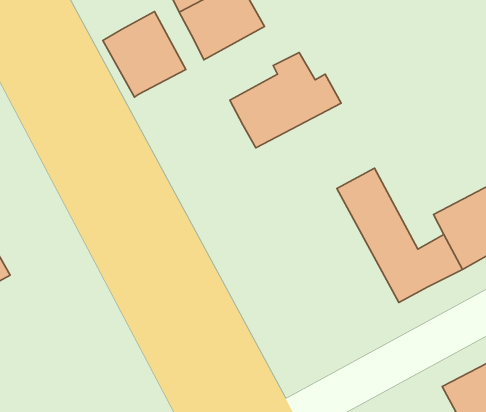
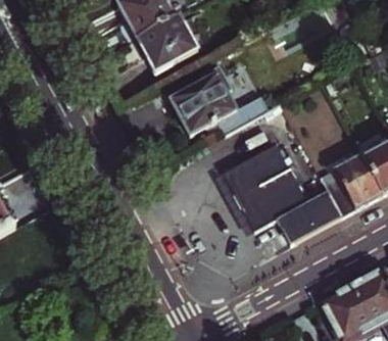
building: [103,11,186,97] -> none
building: none -> [219,161,290,245]

